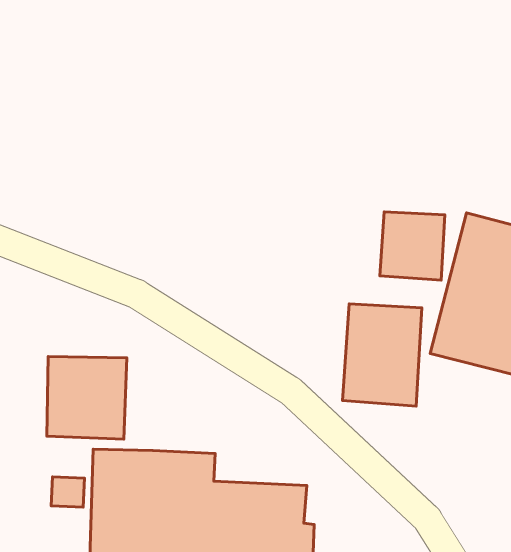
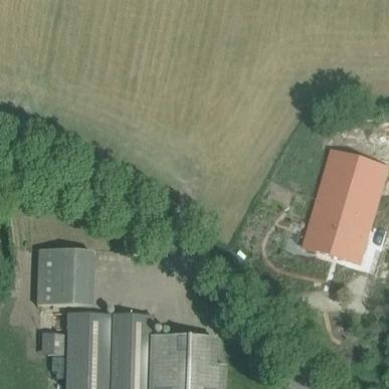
building: [380,212,445,280] -> none
building: [343,304,422,406] -> none

